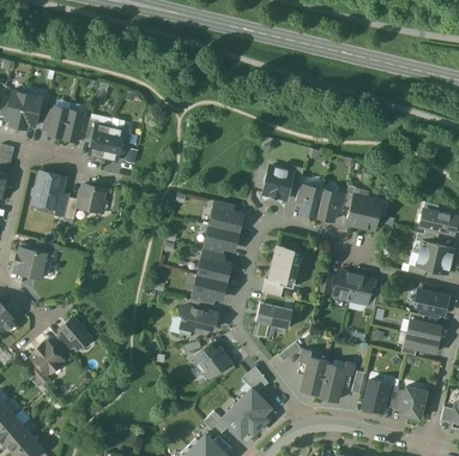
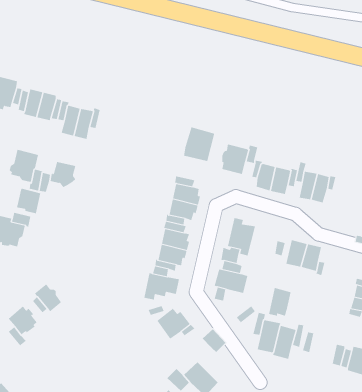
building: none -> [183,126,215,162]
building: none -> [16,188,41,214]
building: none -> [268,287,291,317]
building: [363,380,388,412] -> none
building: [237,388,276,426] -> none

